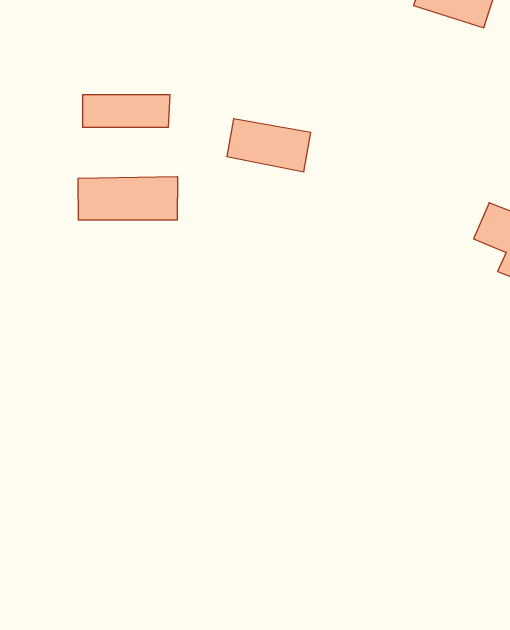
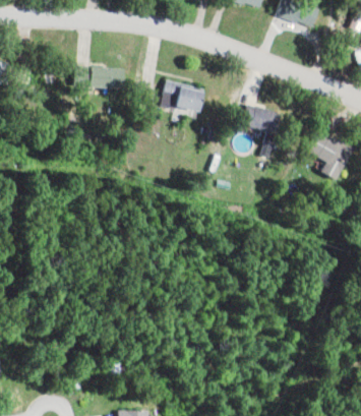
building: none -> [243,106,280,158]
building: [78,176,177,220] -> none

